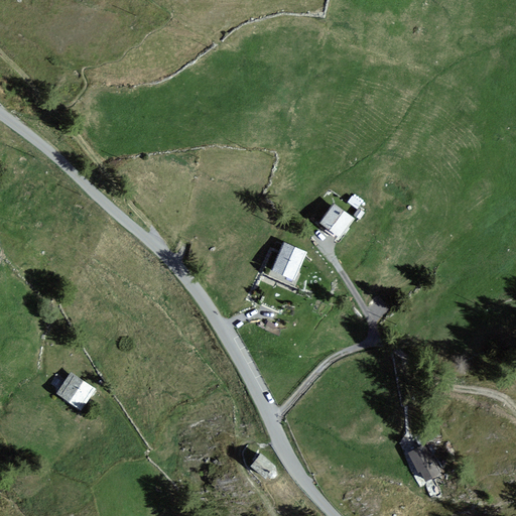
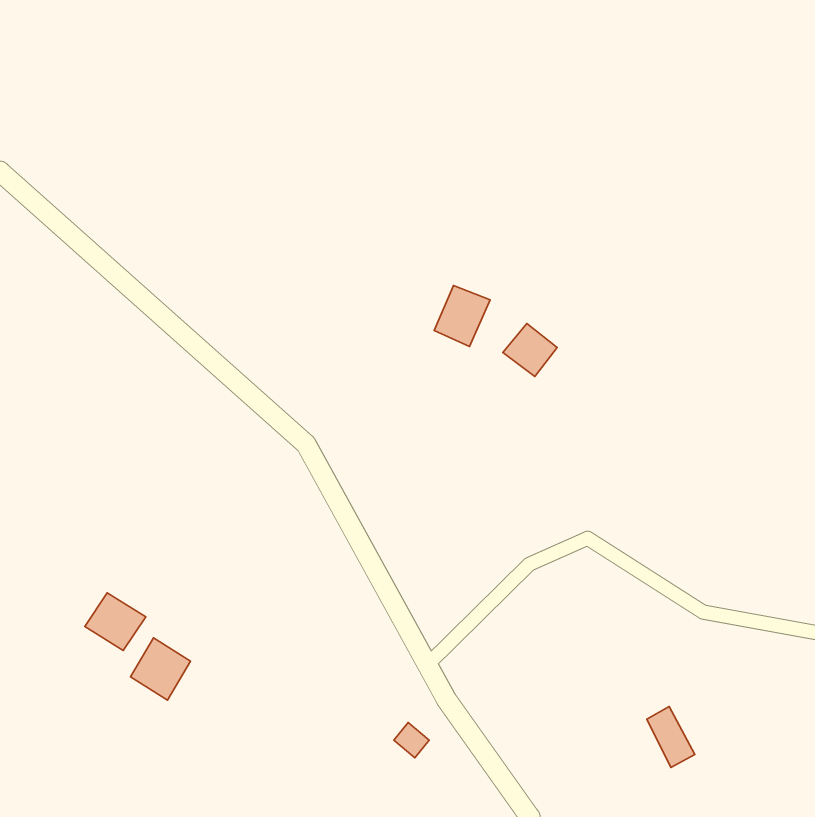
building: [270,243,305,281] -> [434,286,490,346]
building: none -> [130,638,190,700]

